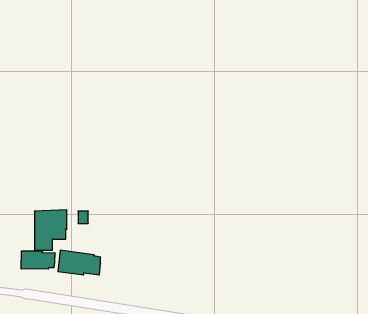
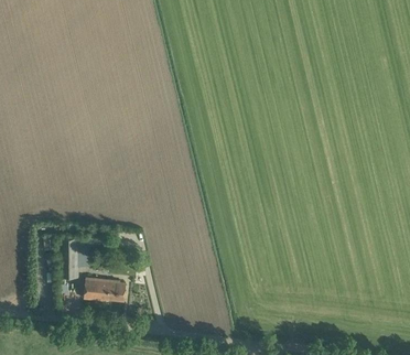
building: [21,251,55,269] -> none

